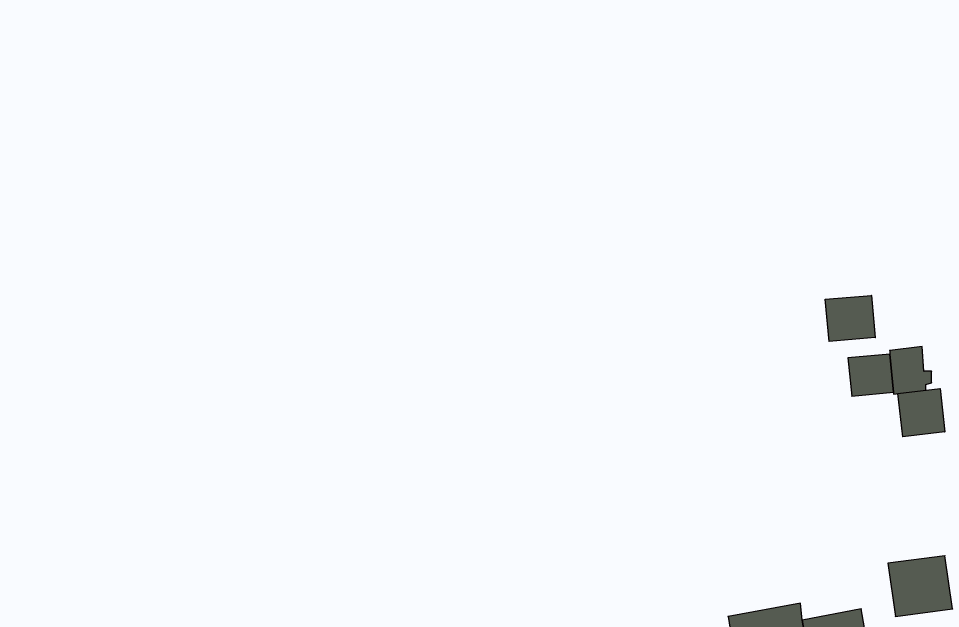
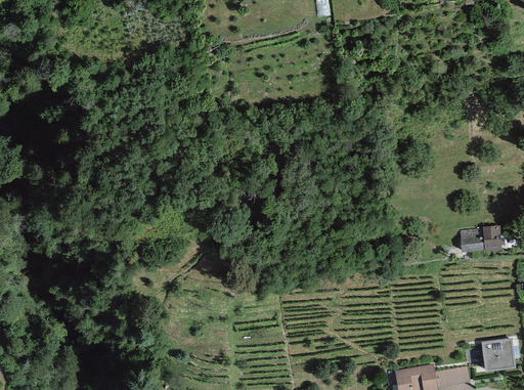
building: [825,295,875,341] -> none
building: [898,389,945,437] -> none

